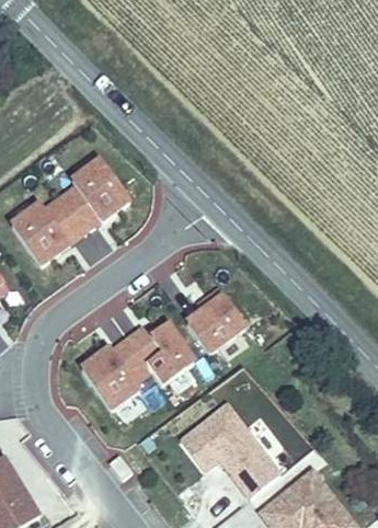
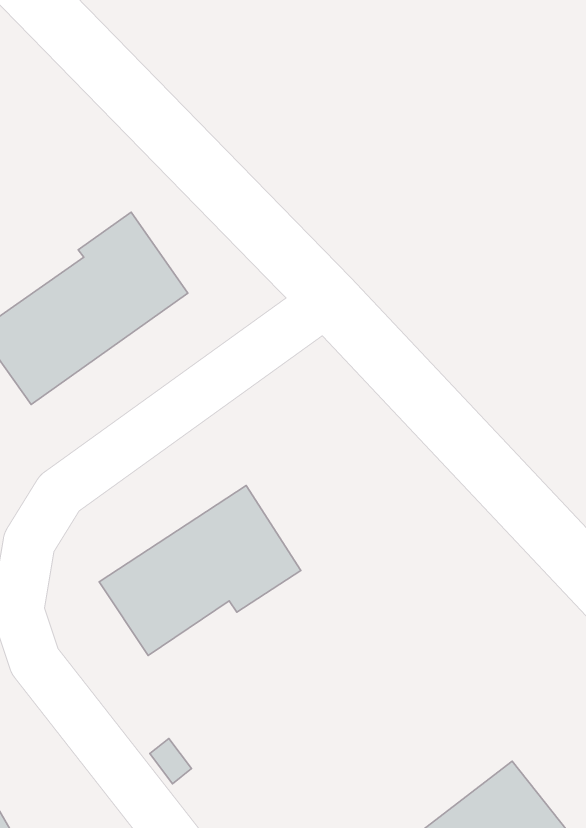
building: [180,288,248,355] -> none
building: [186,406,286,498] -> none

